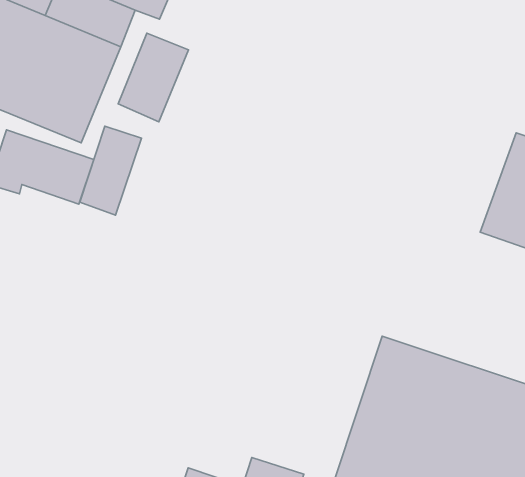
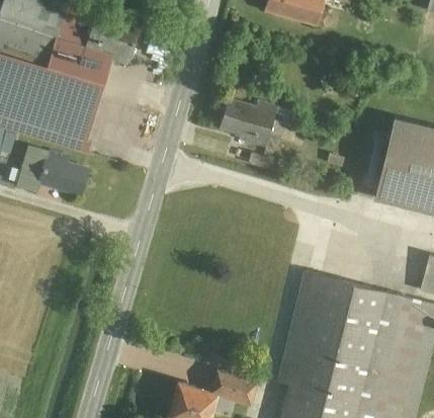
building: [118,33,188,122] -> none
building: none -> [221,99,275,144]
building: [80,126,142,215] -> none

